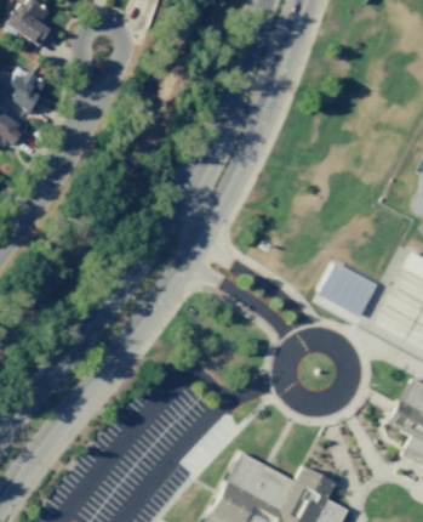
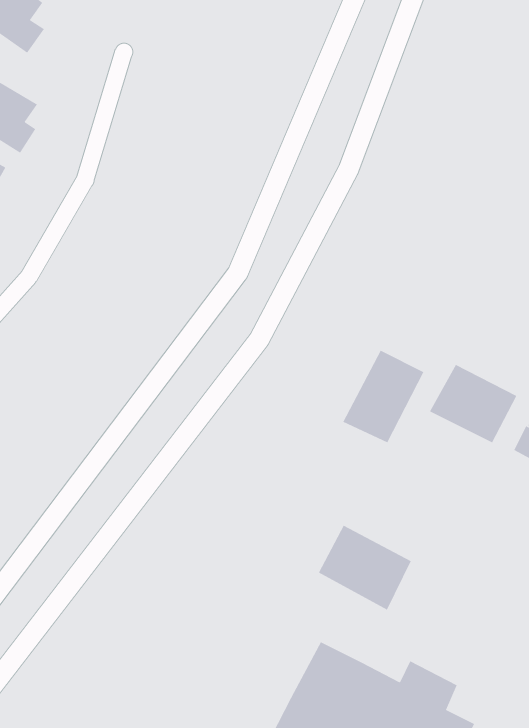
building: none -> [342,350,424,443]
building: none -> [318,525,412,611]

